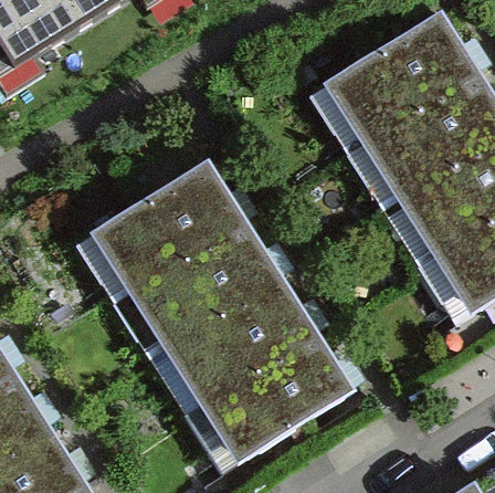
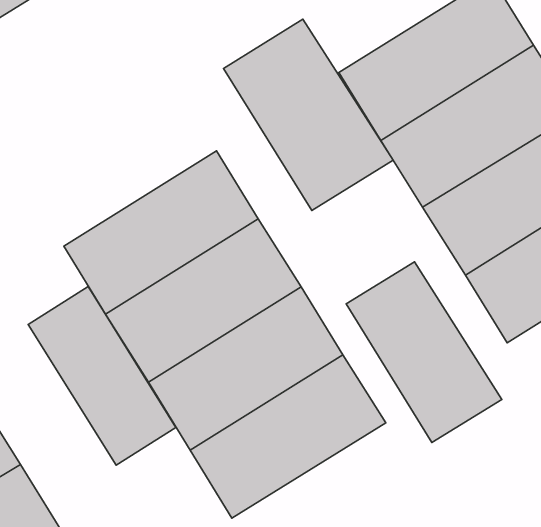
building: none -> [223,19,393,210]
building: none -> [346,262,502,442]
building: none -> [28,287,176,465]

